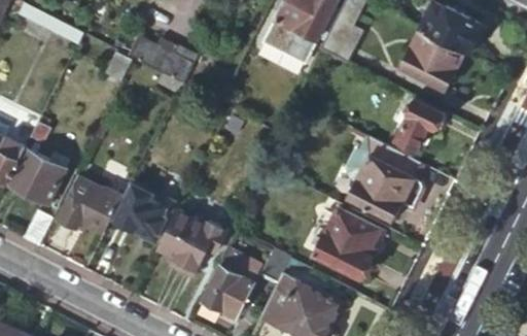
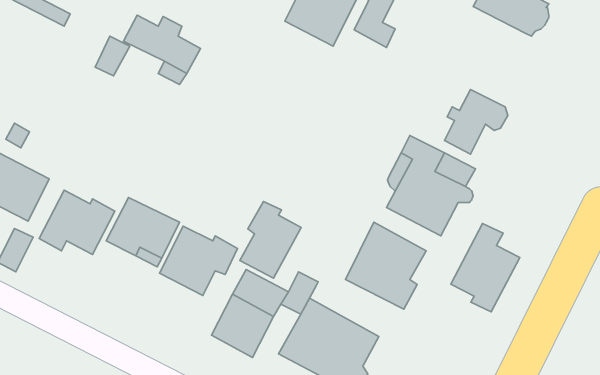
building: [400,28,464,90] -> none
building: none -> [240,201,301,278]
building: none -> [451,224,520,312]

